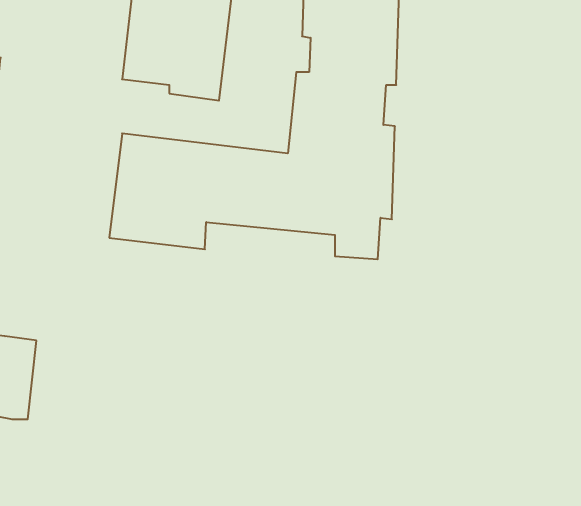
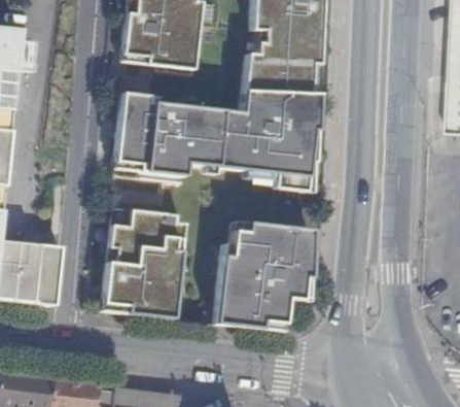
building: none -> [102,207,186,317]
building: none -> [218,219,314,330]

